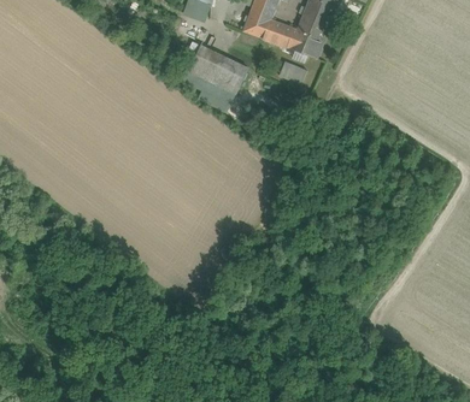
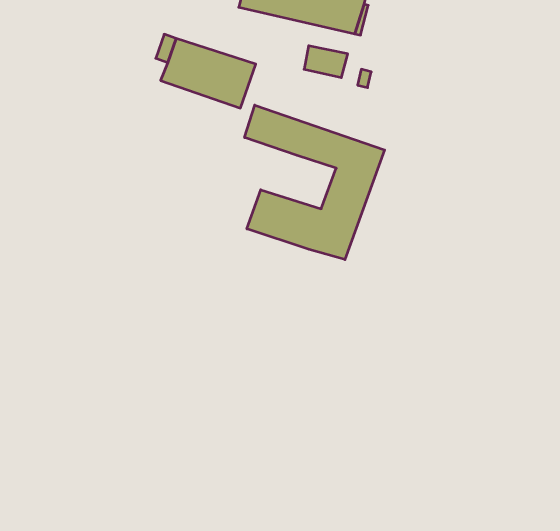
building: none -> [245,105,385,260]

